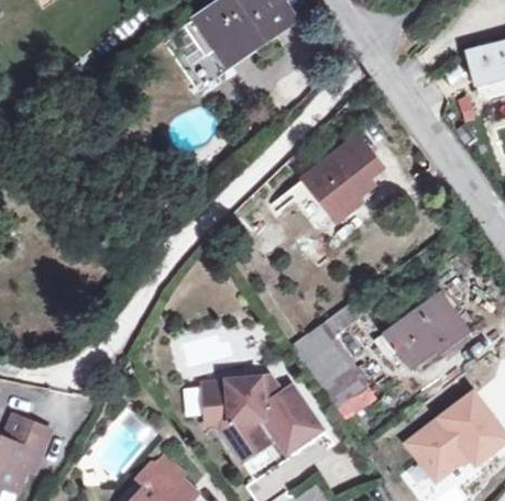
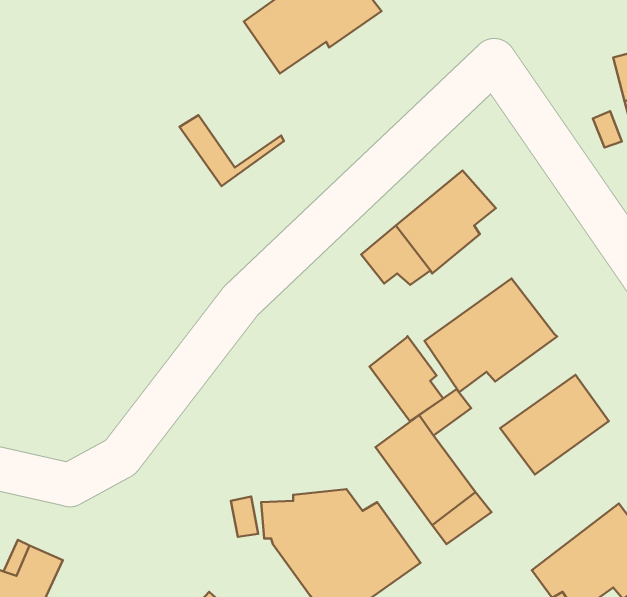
building: [175,22,254,76] -> [180,115,284,186]
building: none -> [425,278,557,392]
building: none -> [370,336,443,421]

